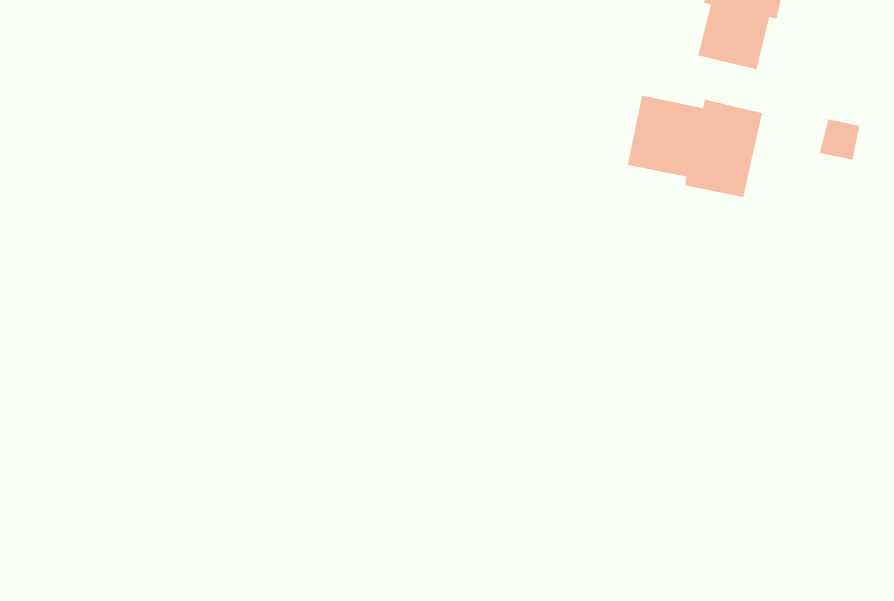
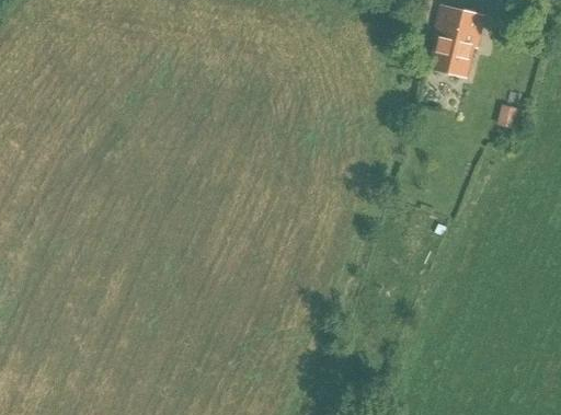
building: [627,95,763,198] -> none

